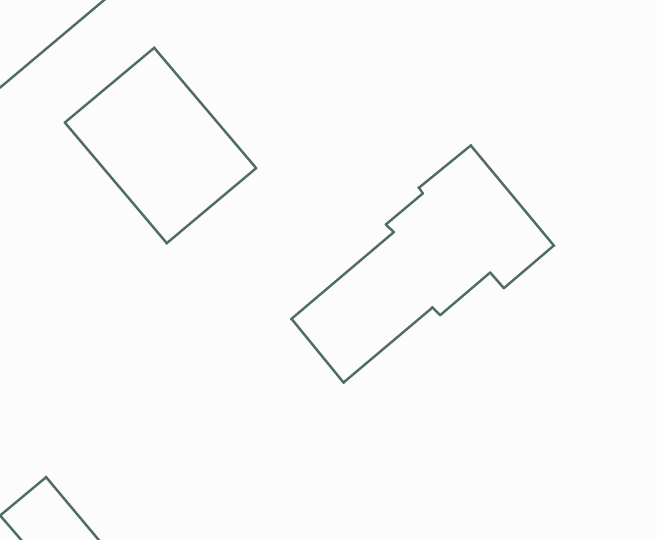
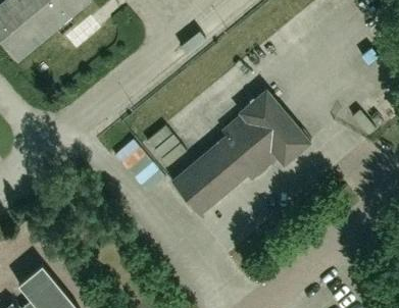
building: [65,48,256,243] -> none

